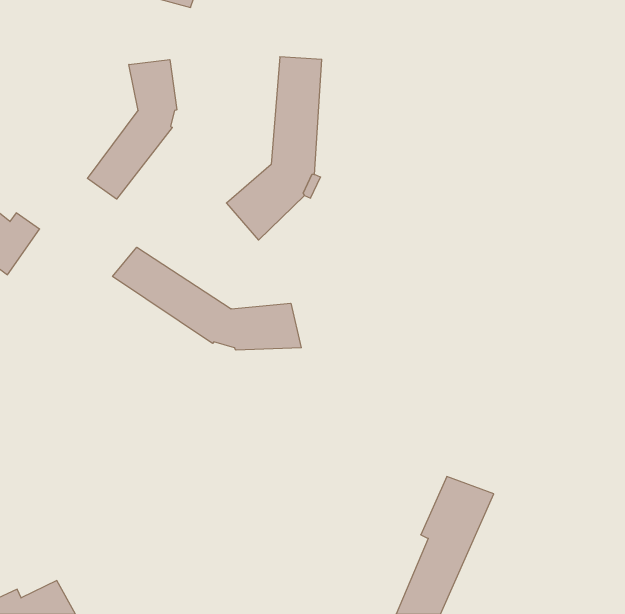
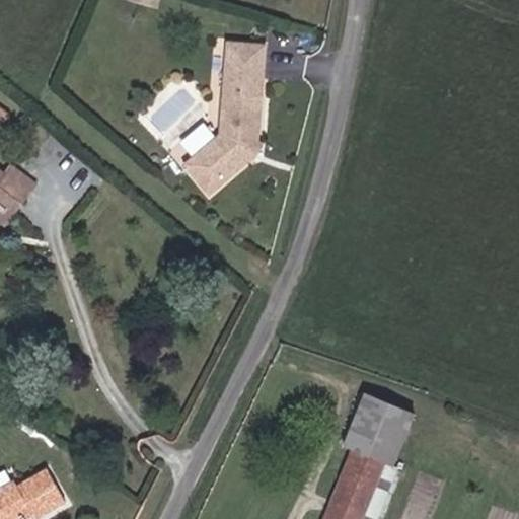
building: [87,60,177,199] -> none
building: [113,247,301,350] -> none

